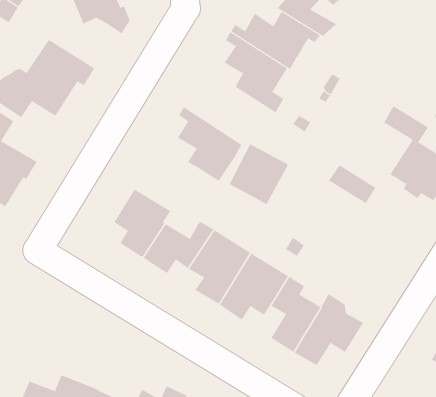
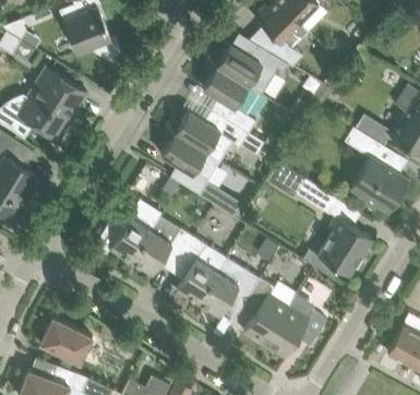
building: none -> [166,110,248,161]
building: none -> [302,216,371,278]
building: none -> [40,318,92,362]

